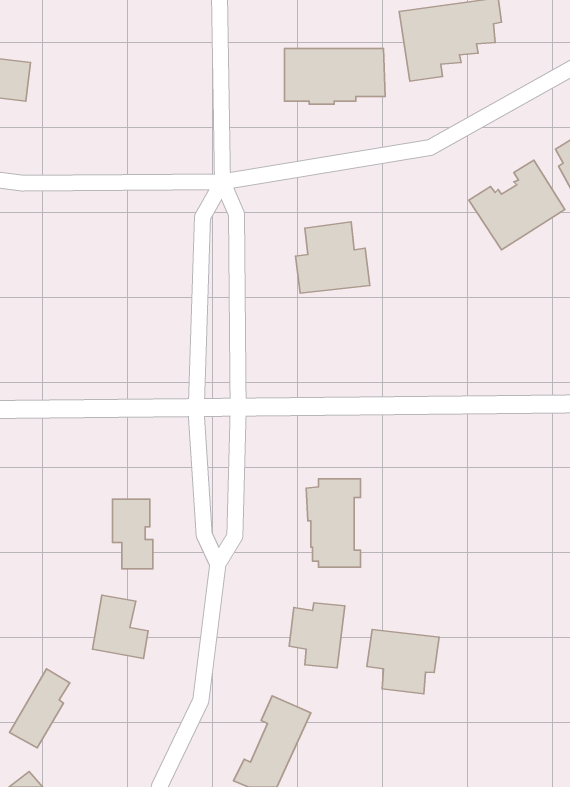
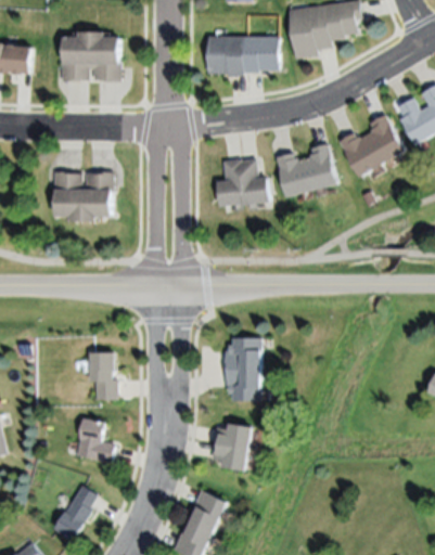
building: none -> [61,31,120,80]
building: none -> [276,143,337,197]
building: none -> [53,172,112,221]
building: [367,630,439,694] -> none
building: [9,669,70,748] -> [53,485,95,540]

